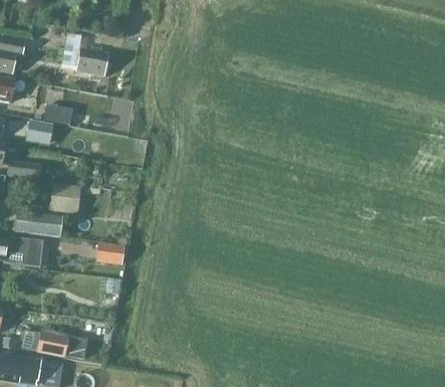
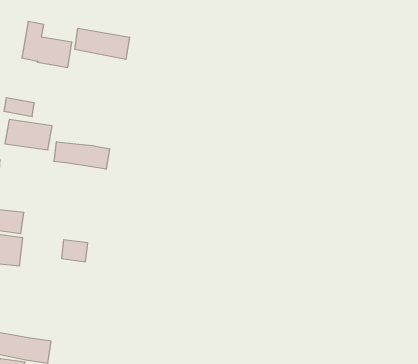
building: none -> [75,28,129,59]
building: none -> [54,142,110,169]
building: [49,183,80,212] -> none

